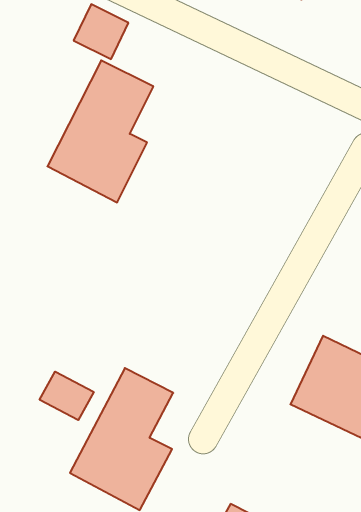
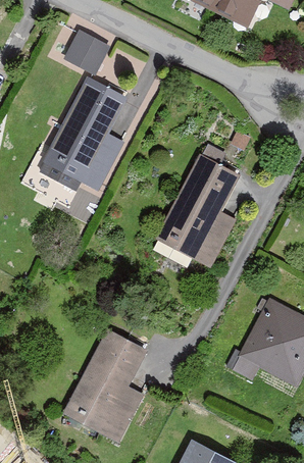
building: none -> [154,153,240,269]
building: [40,372,94,420] -> none

